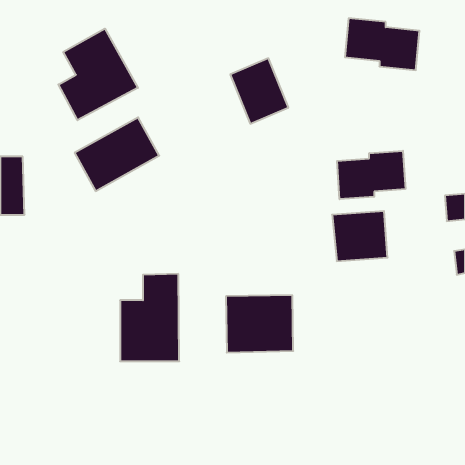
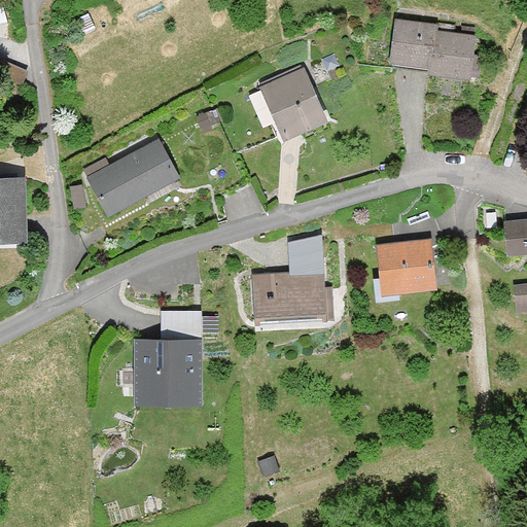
building: [58,29,138,120] -> none
building: [337,151,405,199] -> none
building: [226,295,293,353] -> [252,256,328,321]

